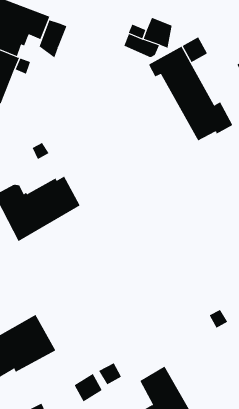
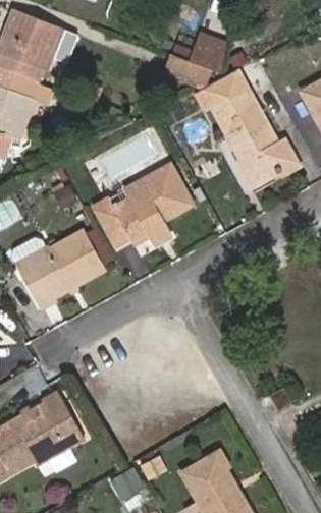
building: [39,19,67,59] -> none
building: none -> [96,164,193,245]

